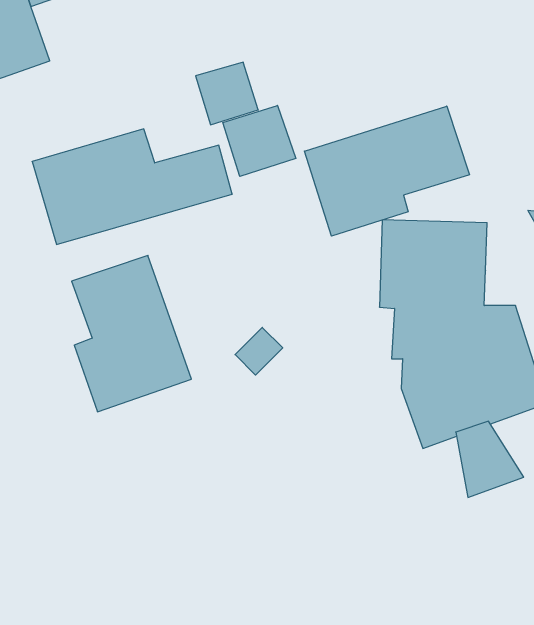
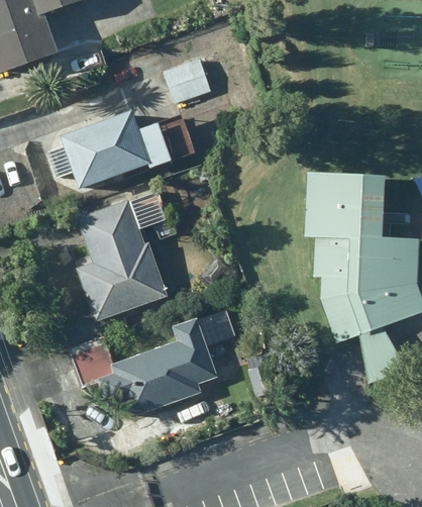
building: [223,105,296,176] -> none
building: [304,106,469,236] -> none
building: none -> [72,308,227,415]

